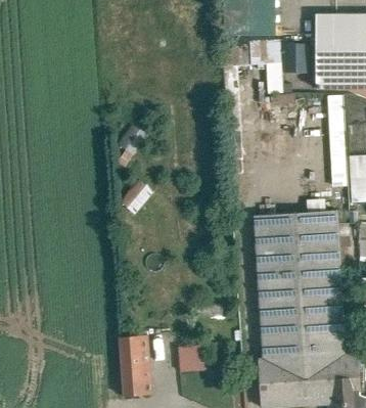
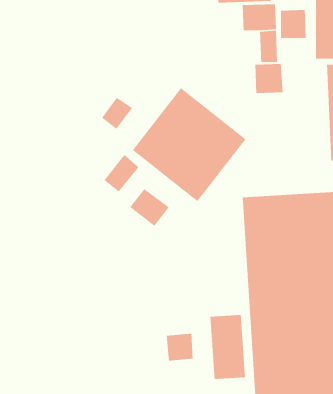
building: none -> [254,63,284,94]
building: none -> [132,87,246,202]
building: none -> [129,188,170,227]
building: [120,333,153,395] -> [210,314,246,380]

